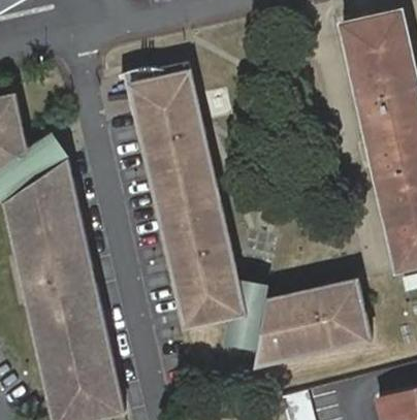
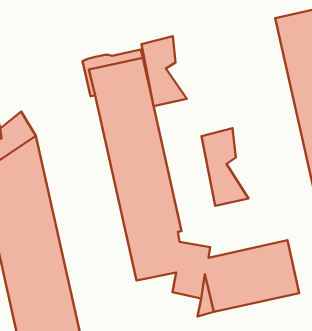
building: none -> [142,36,187,106]
building: none -> [201,128,249,206]

